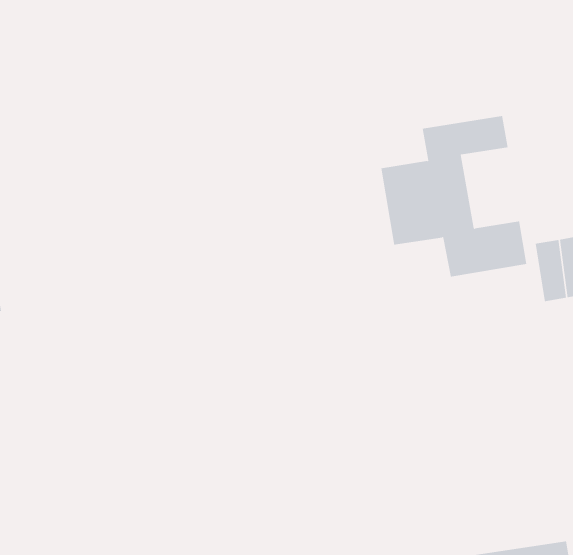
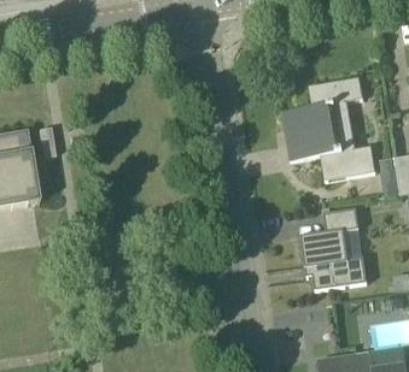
building: none -> [300,206,367,288]

